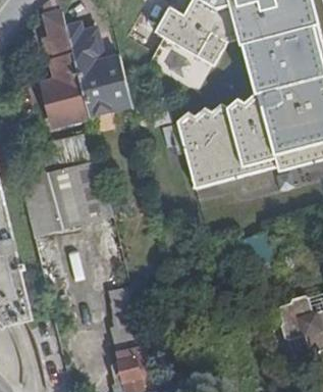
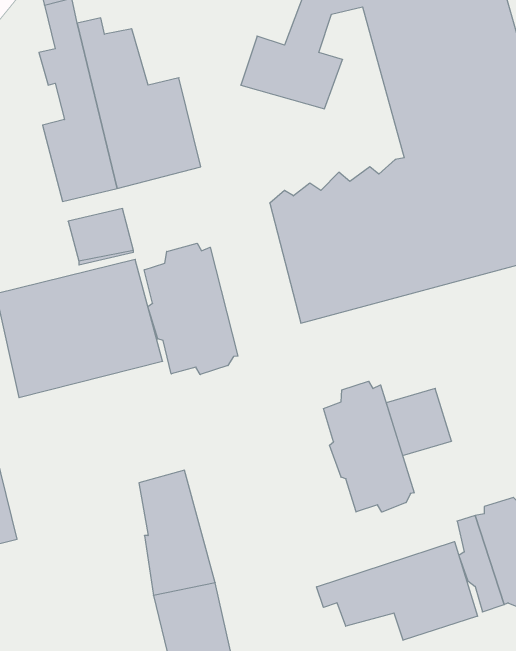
building: none -> [144,243,238,375]
building: none -> [323,381,414,512]
building: none -> [317,542,478,640]

